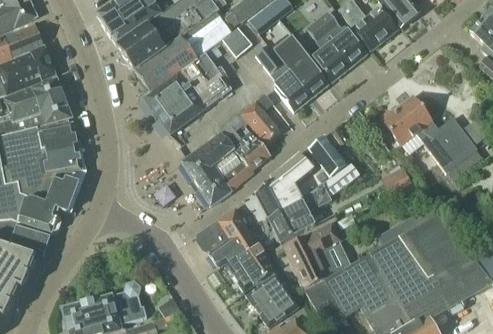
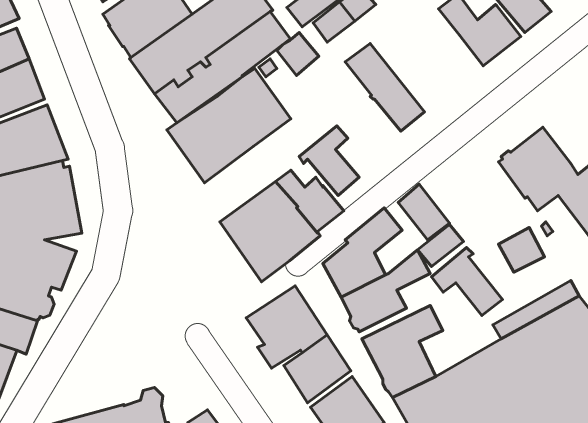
building: [306,11,367,81] -> none
building: [256,44,311,111] -> none
building: none -> [432,248,502,315]

